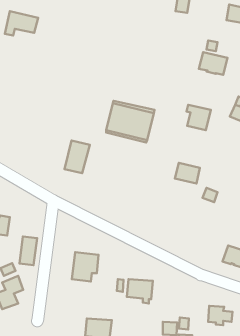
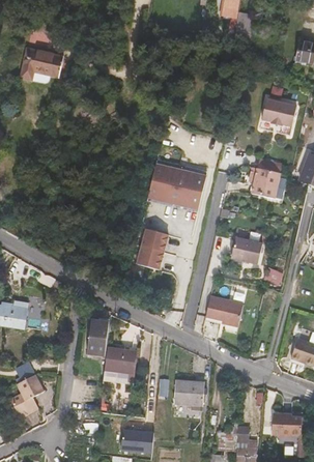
building: [65,141,90,173] -> [136,227,167,267]
building: none -> [203,302,241,333]
building: [19,237,37,265] -> [86,320,108,355]

